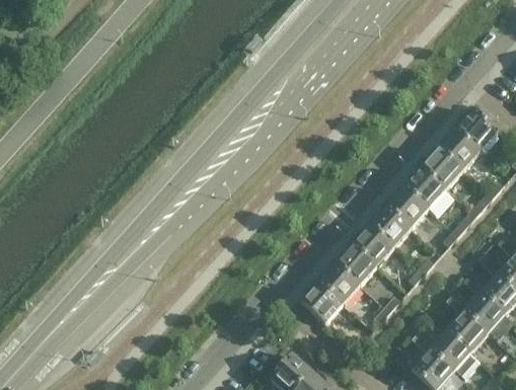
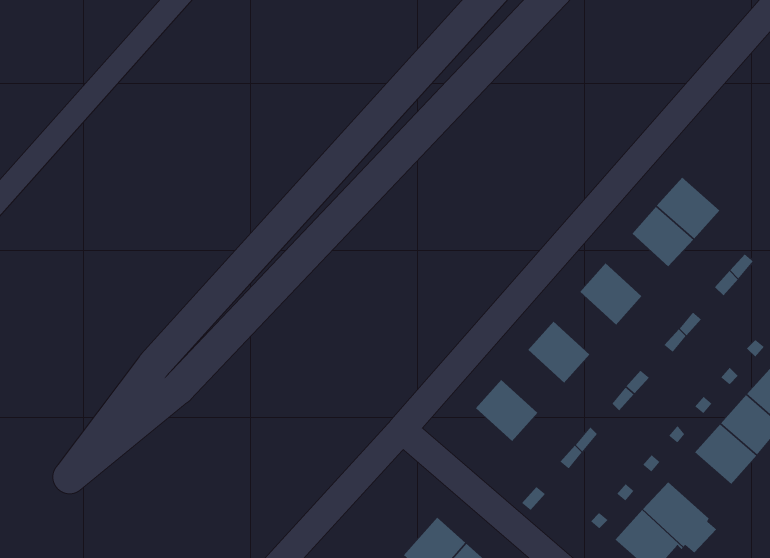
building: [454,108,497,151] -> none
building: [403,166,445,208] -> none
building: [369,205,411,246] -> none
building: [335,243,376,285] -> none
building: [299,282,342,323] -> none
building: [445,311,487,355] -> none

